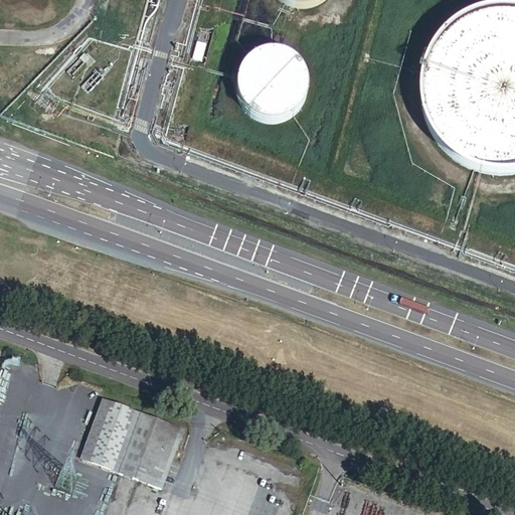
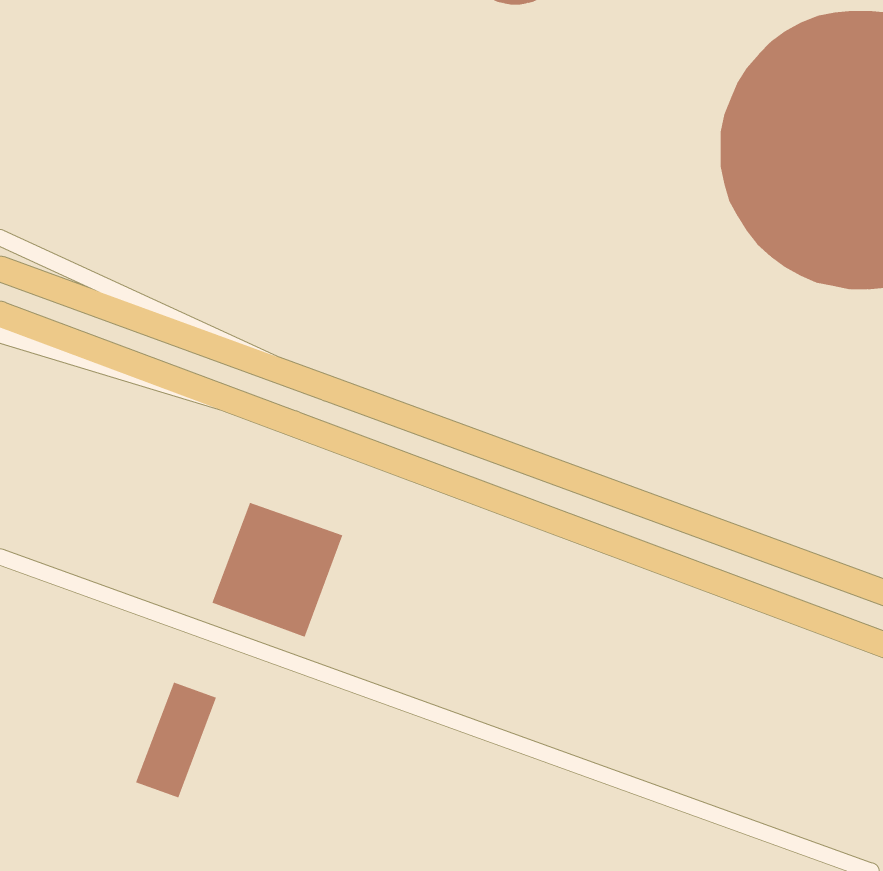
building: [235,47,308,120] -> none
building: [106,404,182,483] -> [211,502,343,637]

